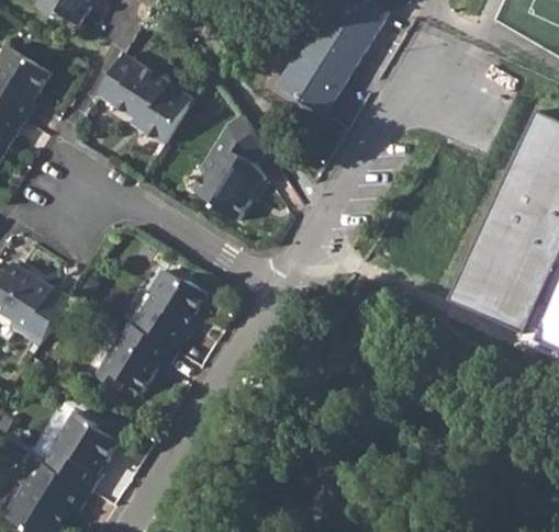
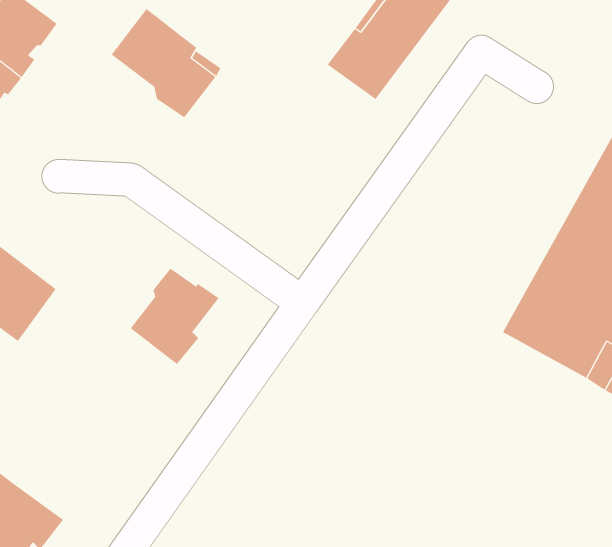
building: [194,114,268,220] -> none
building: [94,320,177,393] -> none
building: [45,410,120,490] -> none

